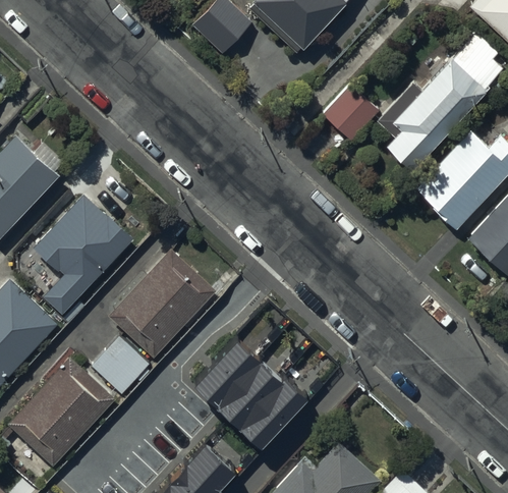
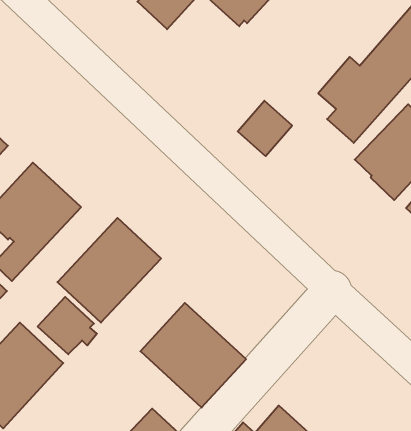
building: [322,85,378,142] -> [238,101,292,156]

